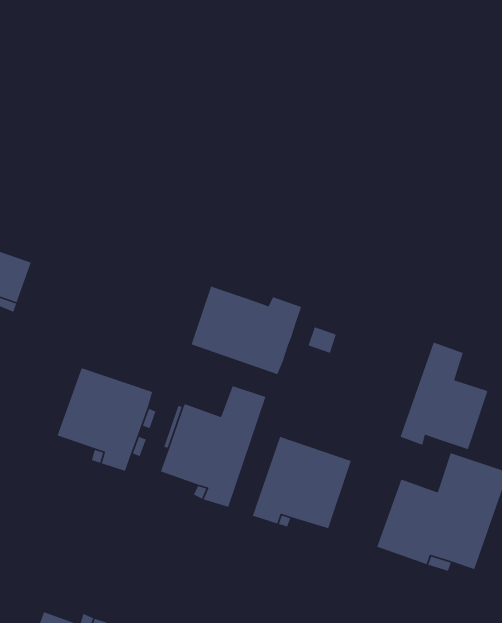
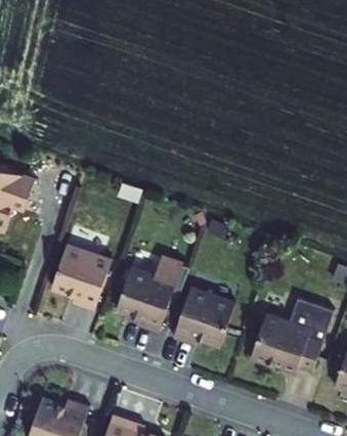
building: [191,285,302,375] -> none
building: [400,342,488,450] -> none

